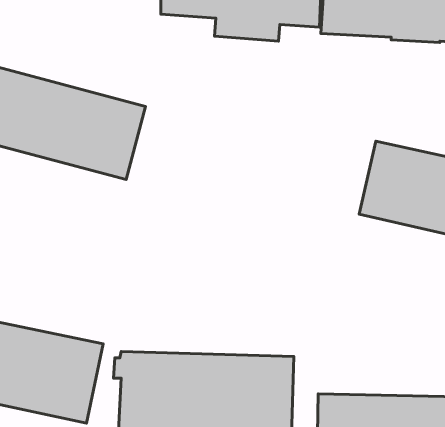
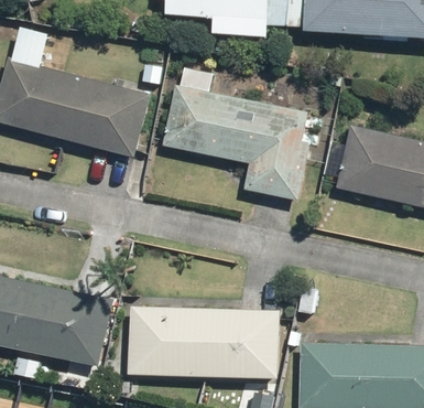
building: none -> [162,66,309,200]

